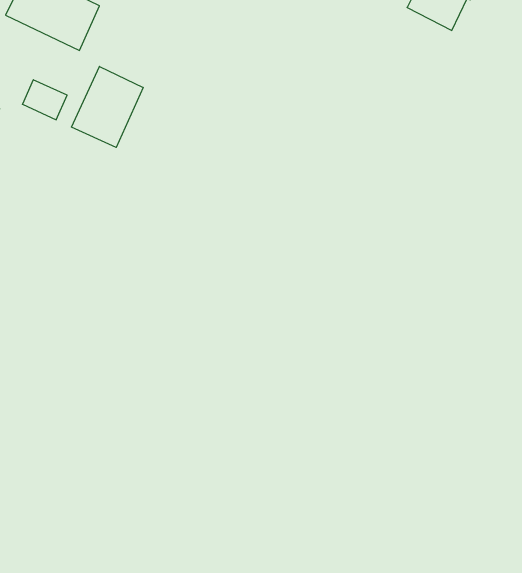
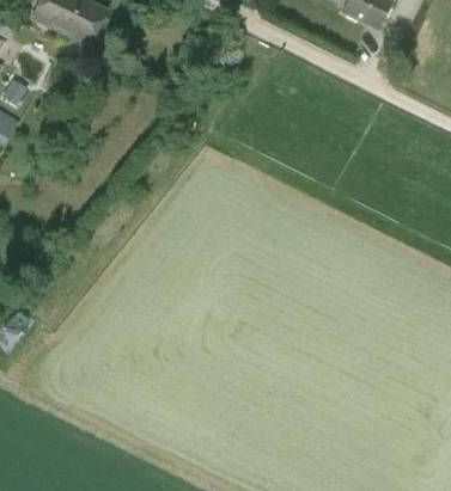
building: [72,66,143,147] -> none

